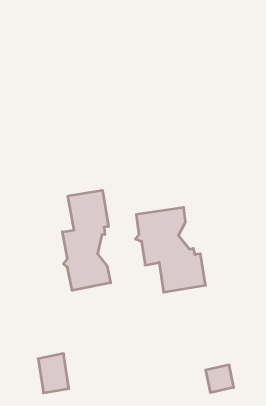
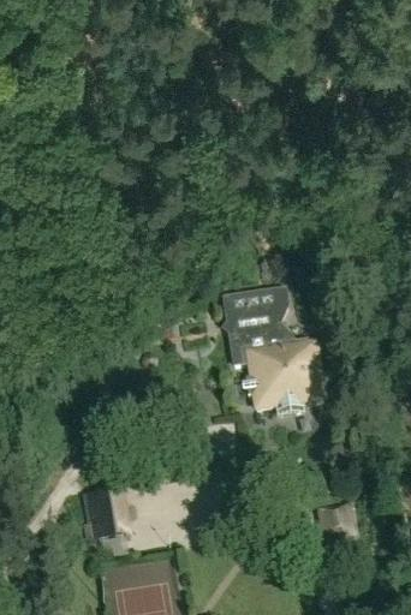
building: [62,190,111,290] -> none

